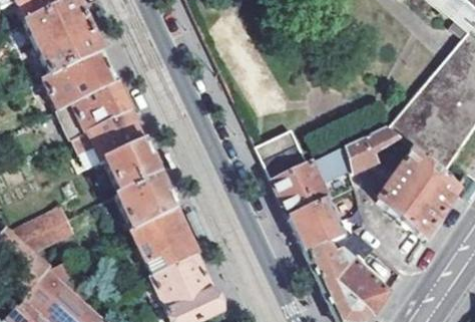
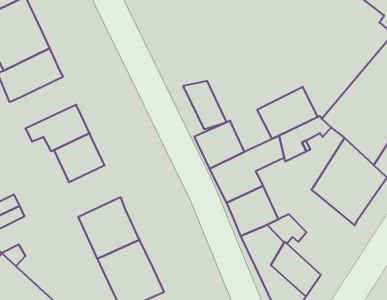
building: [63,81,129,138] -> none
building: none -> [183,81,226,129]
building: none -> [257,87,317,139]
building: [117,176,176,230] -> none

